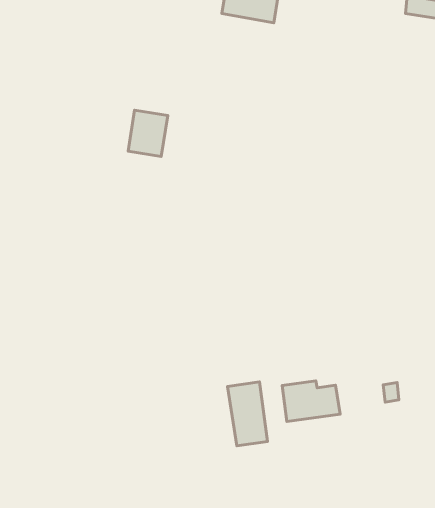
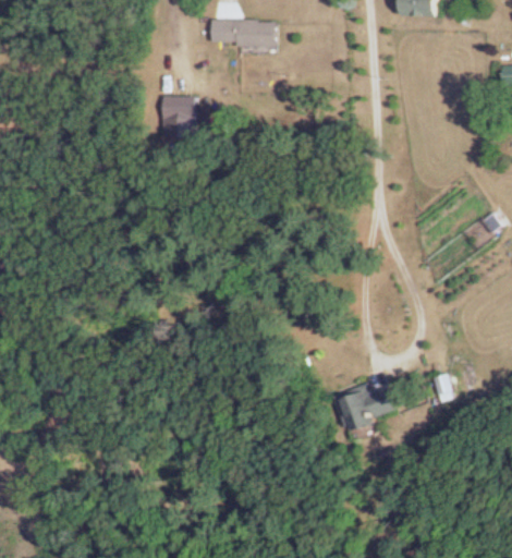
building: [128,110,168,156] -> [160,97,193,137]
building: [228,382,268,446] -> none

